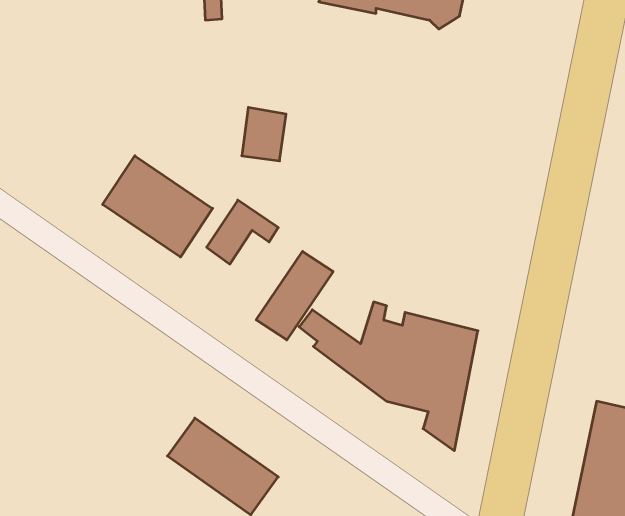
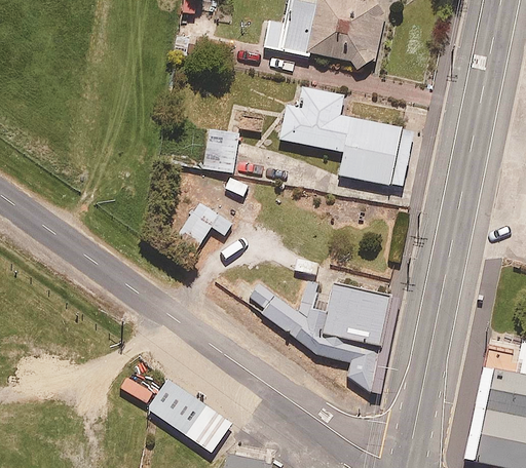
building: none -> [280,88,414,188]
building: [103,156,213,257] -> none
building: [256,251,333,340] -> none

